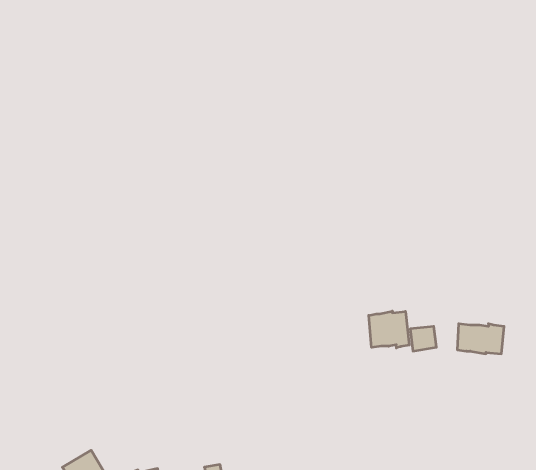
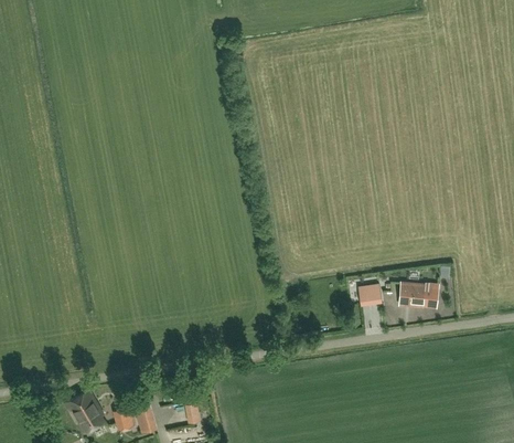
building: [369,311,409,348] -> none

